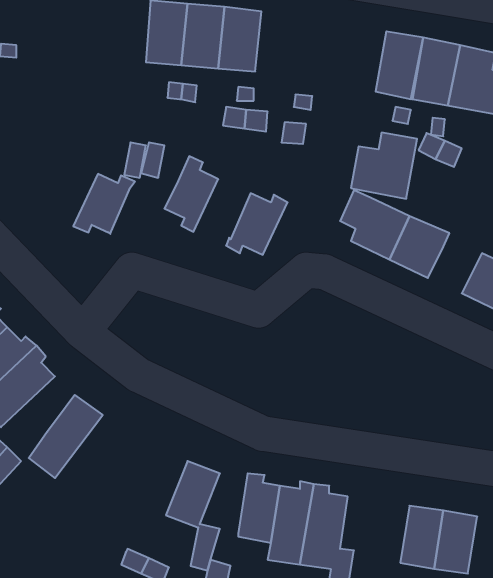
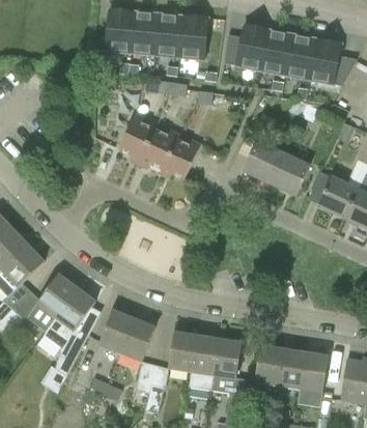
building: none -> [179,16,208,59]
building: [351,133,417,199] -> [223,25,267,69]
building: [73,174,135,234] -> [138,129,179,169]
building: none -> [45,287,95,376]
building: none -> [98,309,134,354]
building: none -> [254,345,283,387]

